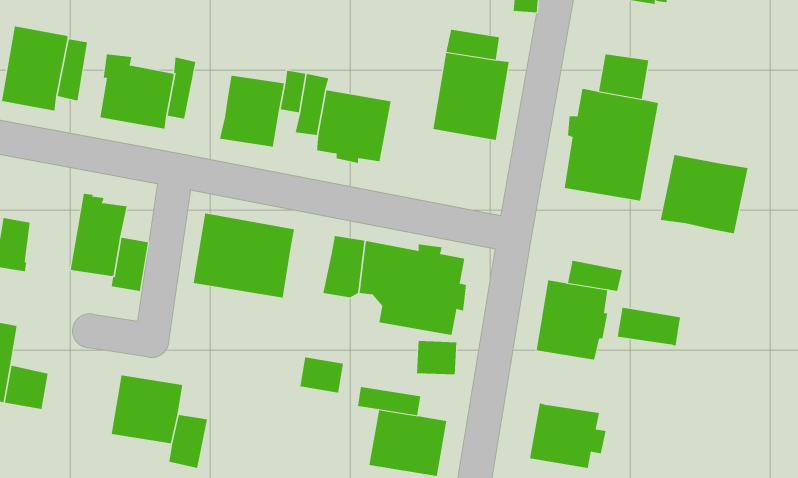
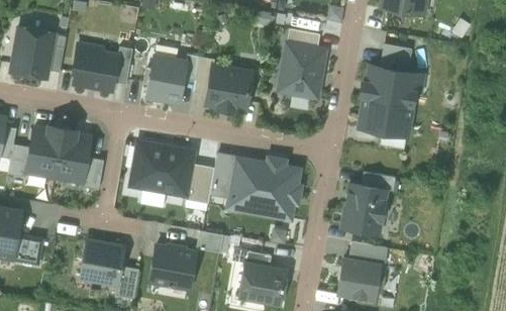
building: [660,154,748,234] -> none
building: none -> [27,128,63,178]
building: none -> [184,164,215,204]
building: [617,307,681,347] -> [347,242,387,267]
building: none -> [149,245,196,289]

